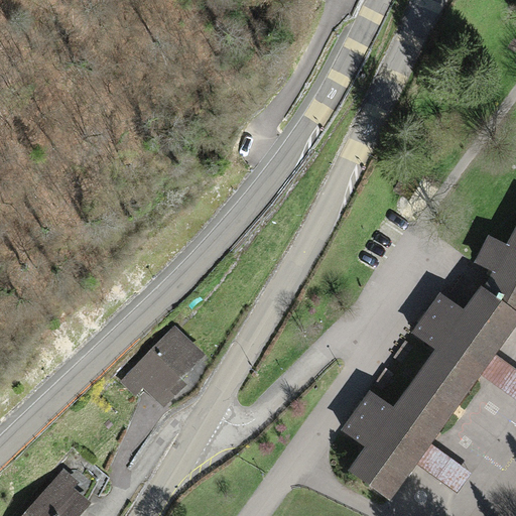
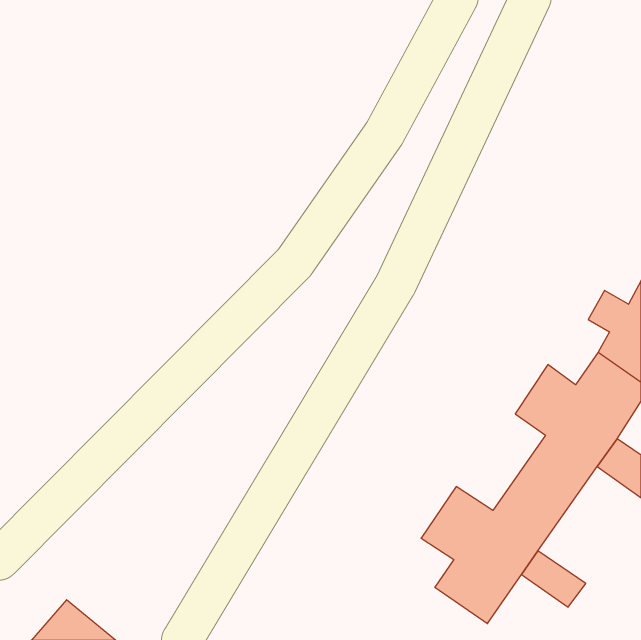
building: [123,326,209,404] -> none

